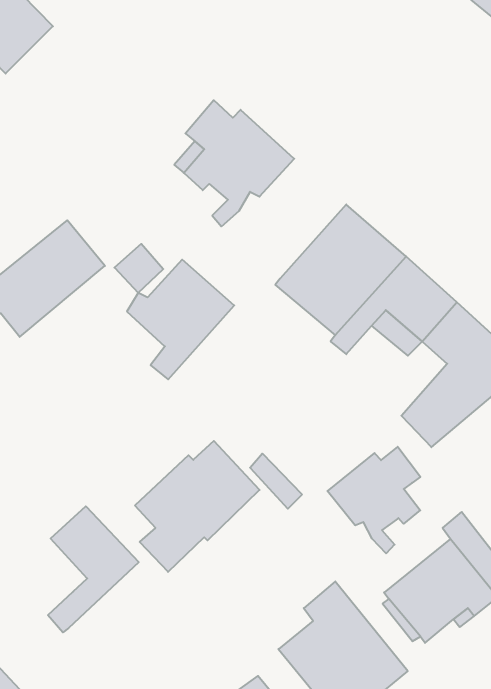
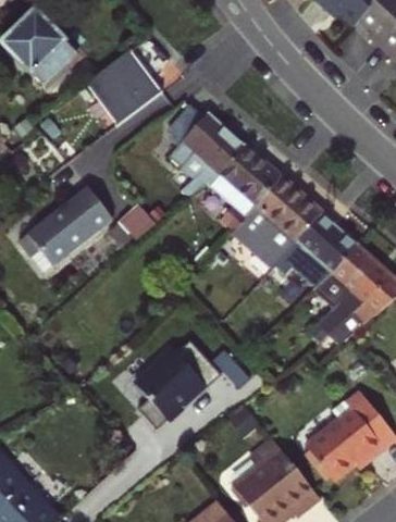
building: none -> [86,51,158,122]
building: [127,260,234,379] -> [206,145,280,227]
building: [327,447,420,553] -> none
building: [48,506,139,632] -> none

